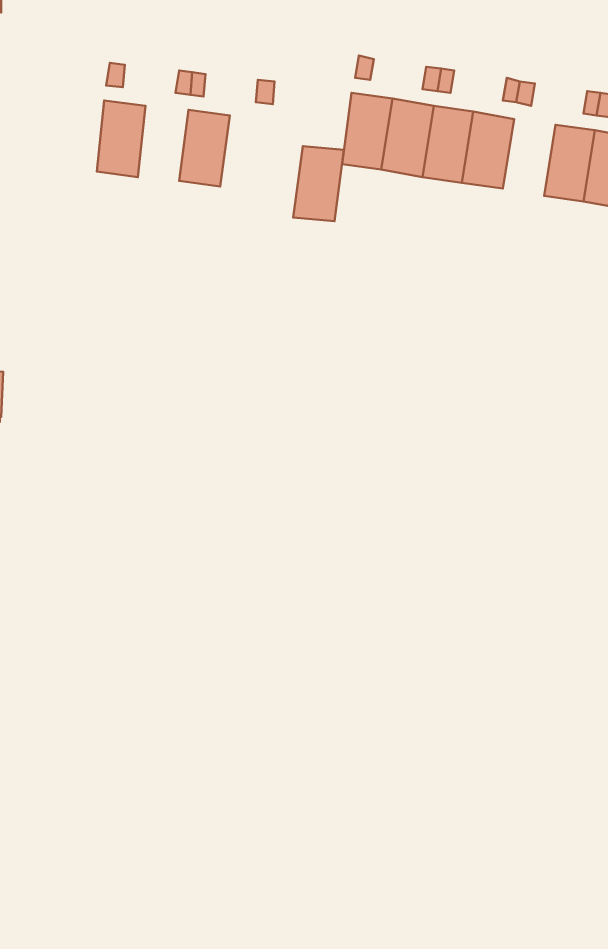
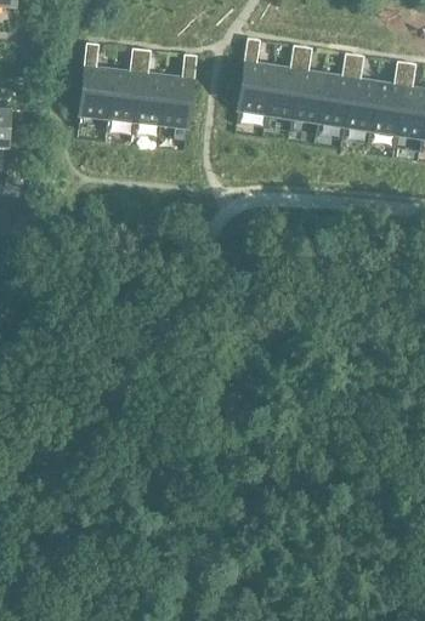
building: none -> [106,69,138,118]
building: none -> [342,78,376,127]
building: [293,146,344,221] -> [159,75,192,124]

